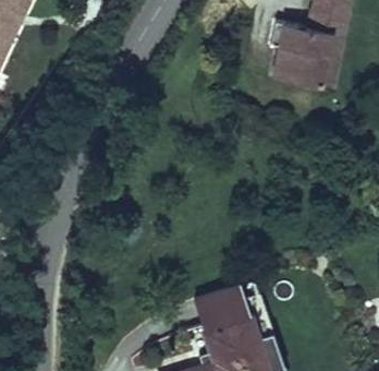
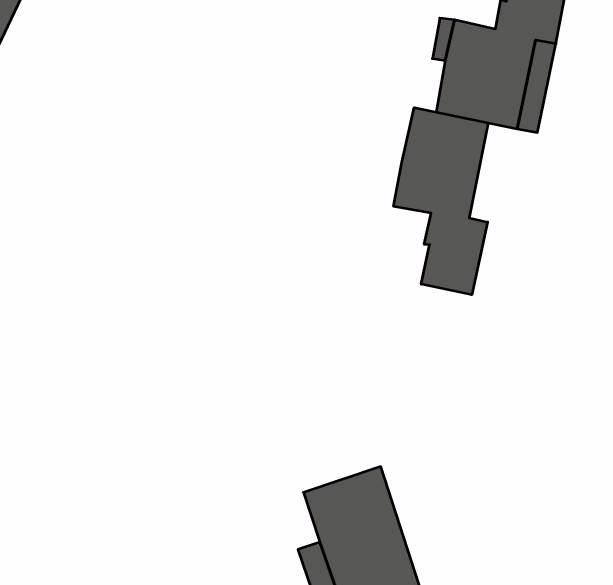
building: none -> [394,108,488,295]

